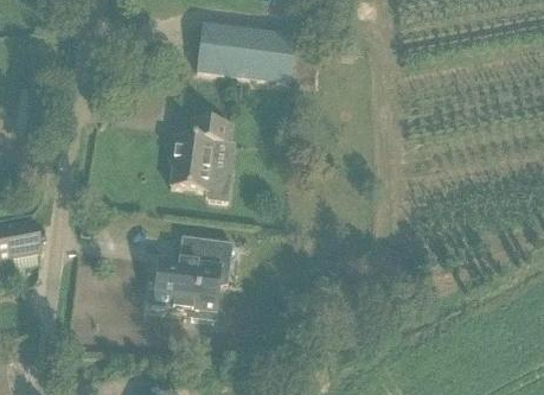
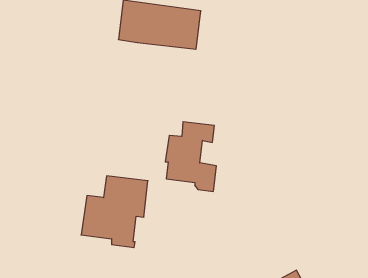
building: [169,115,231,199] -> [165,122,216,191]

